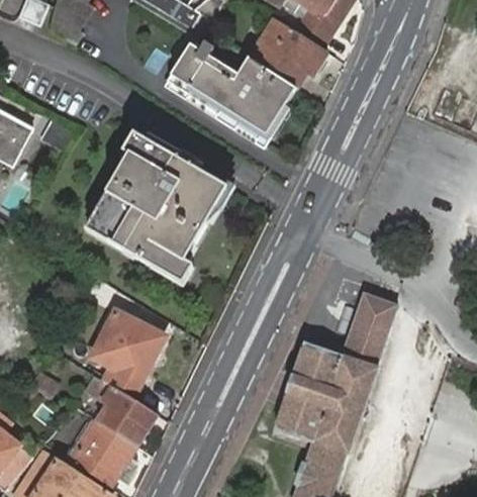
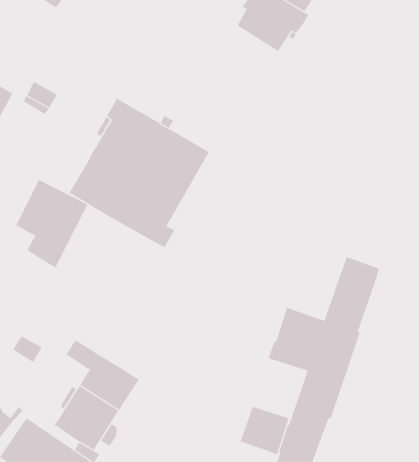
building: [168,38,296,138] -> none
building: [92,308,165,397] -> [15,179,88,268]
building: [275,392,324,440] -> [240,406,290,455]

